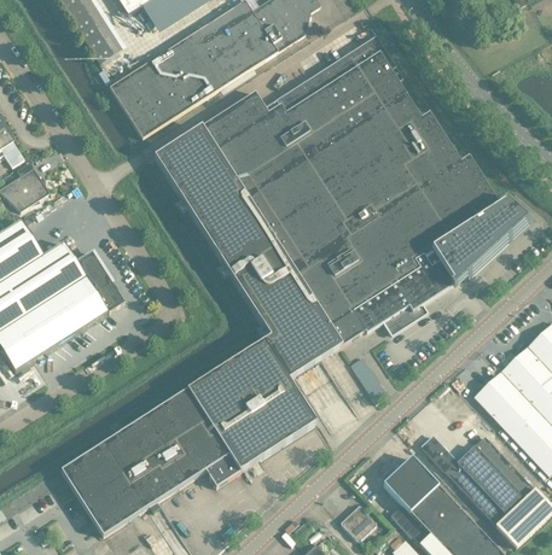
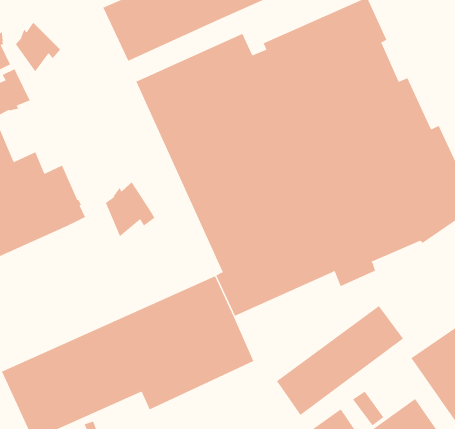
building: none -> [15,22,61,72]
building: none -> [105,182,155,237]
building: none -> [276,305,404,416]

